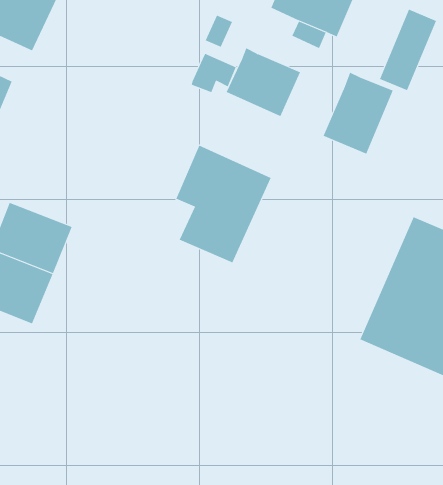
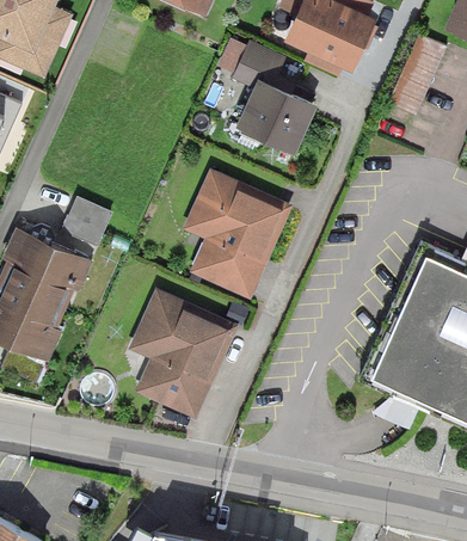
building: [191,53,236,93] -> [233,47,279,87]
building: [323,72,393,155] -> none
building: none -> [61,199,110,248]
building: none -> [131,300,231,416]

